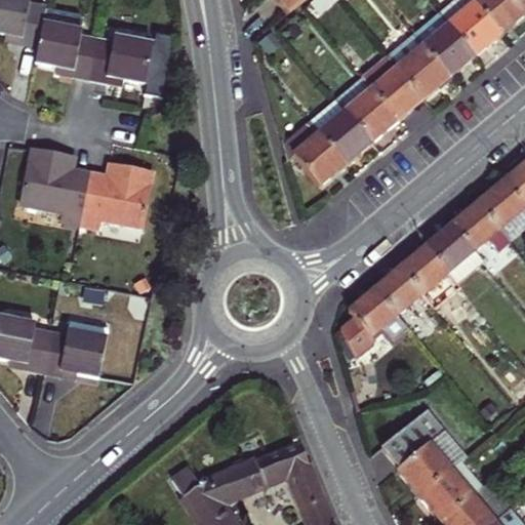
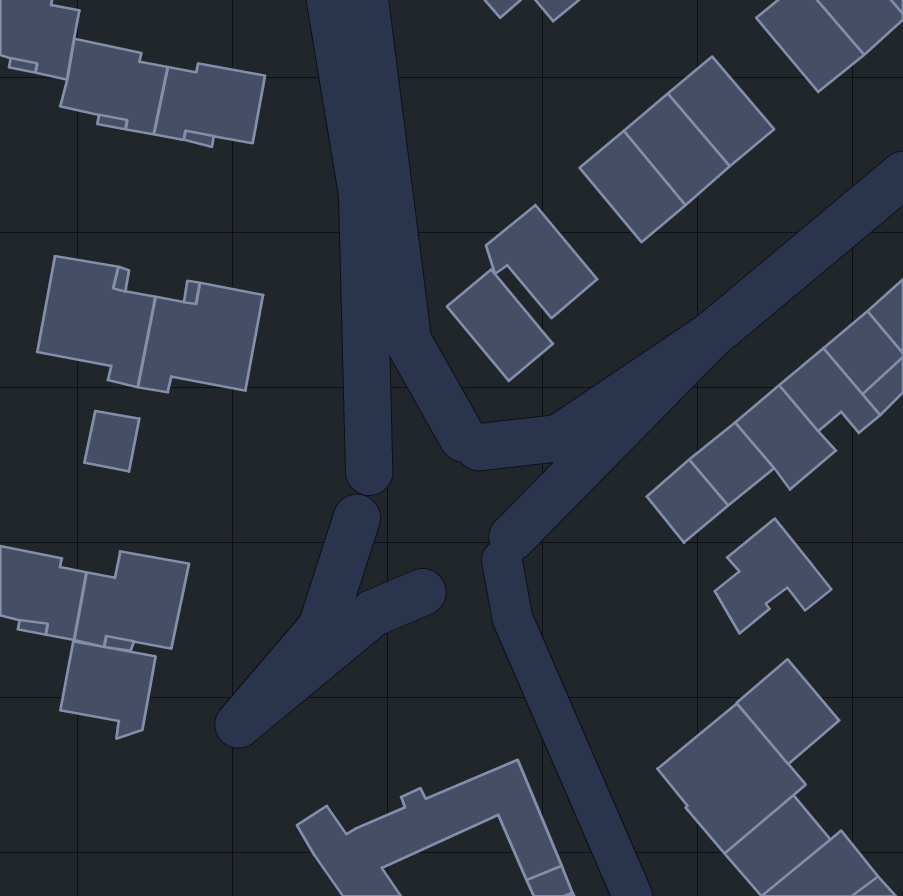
building: [413,10,475,75] -> none
building: [311,97,372,162] -> [447,270,553,381]
building: none -> [84,411,139,472]
building: [340,288,408,355] -> [715,519,831,633]
building: none -> [60,641,155,739]
building: none -> [737,659,839,764]

